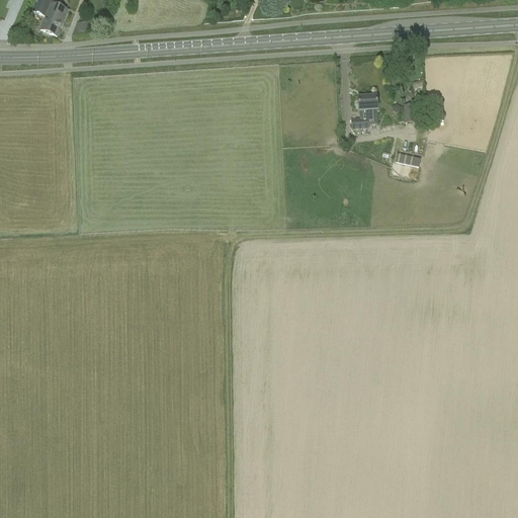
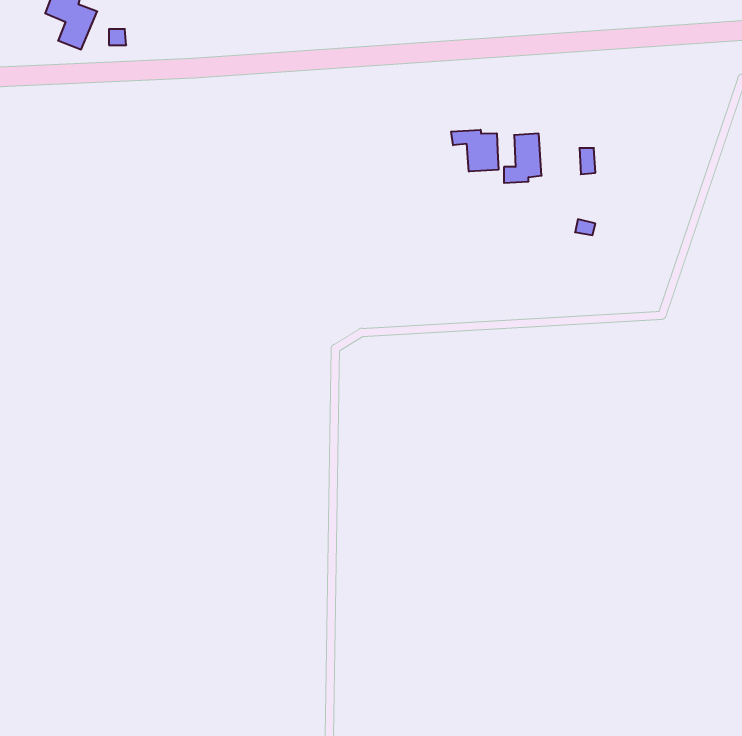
building: none -> [451,130,498,172]

